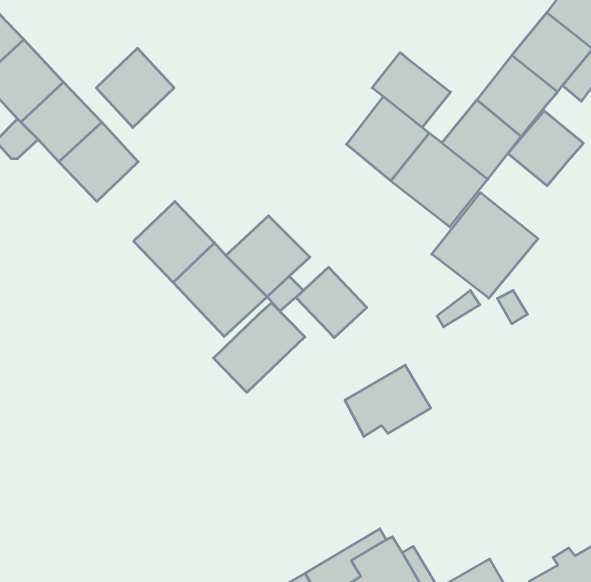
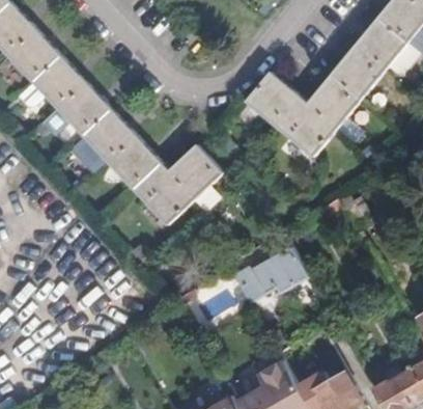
building: [96,48,174,128] -> [87,114,138,166]
building: [372,53,451,127] -> none
building: [508,111,583,186] -> none
building: [432,193,538,298] -> none
building: [296,267,367,338] -> none
building: [213,303,305,392] -> none

